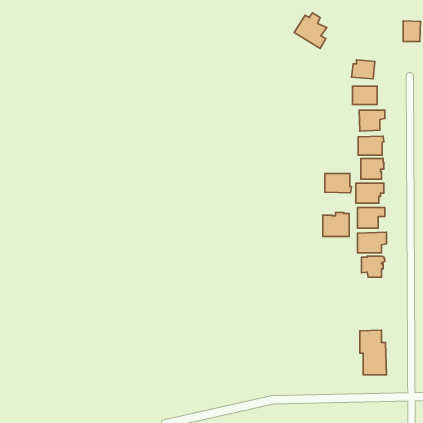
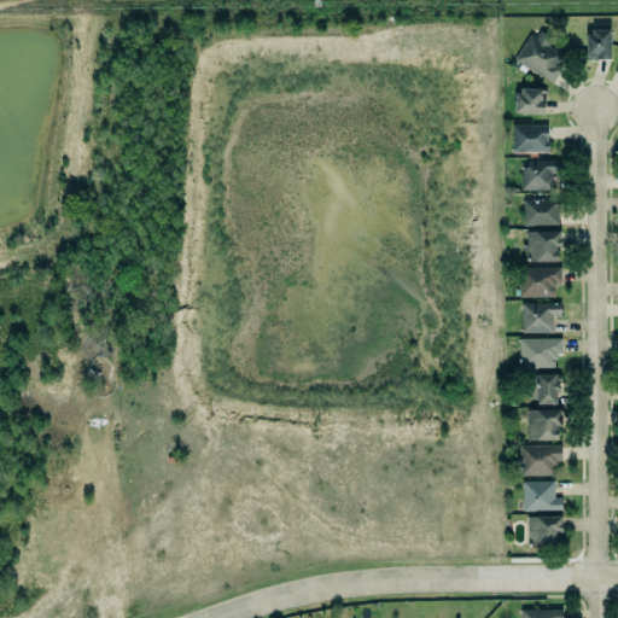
building: [294,13,327,48] -> [514,31,561,83]
building: [325,173,351,193] -> none
building: [323,213,349,236] -> none
building: none -> [529,410,564,442]
building: none -> [523,447,564,478]

